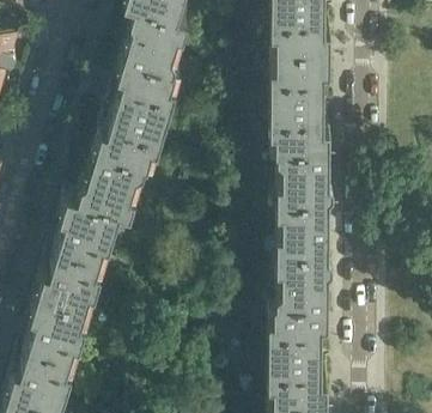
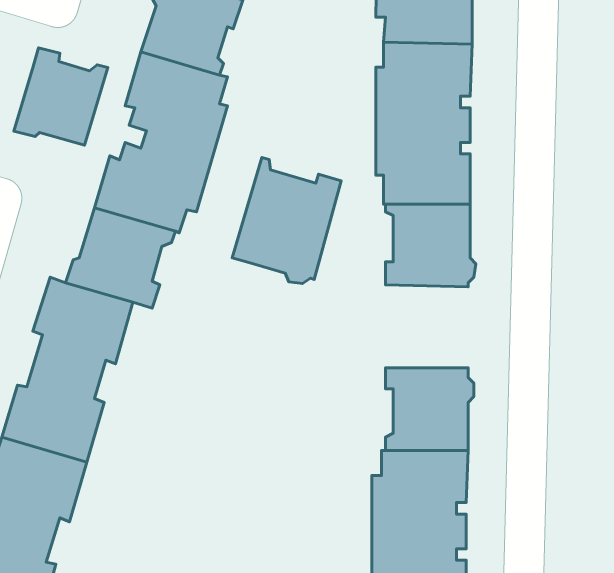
building: none -> [14,48,108,145]
building: none -> [232,157,341,283]
building: [275,199,327,250] -> none

